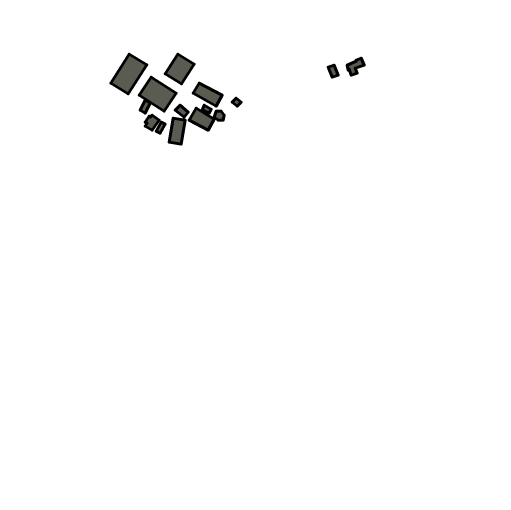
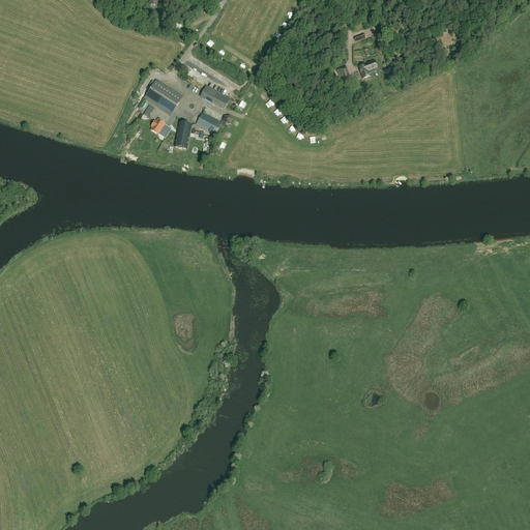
building: [165,54,194,84] -> none
building: [111,54,147,94] -> none

